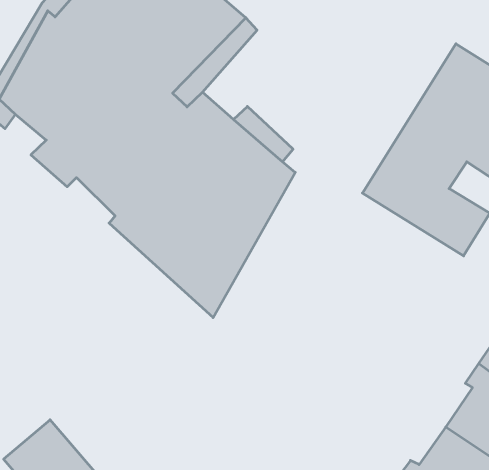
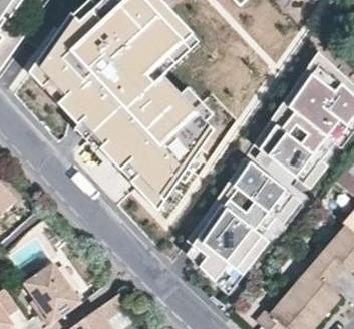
building: none -> [186,164,298,283]

